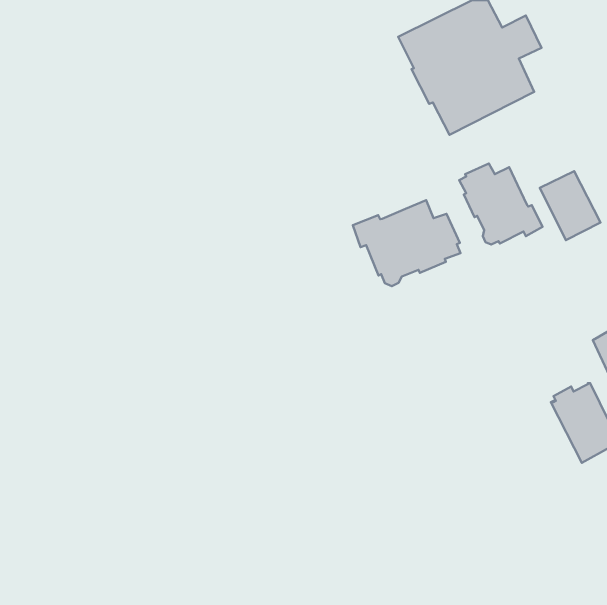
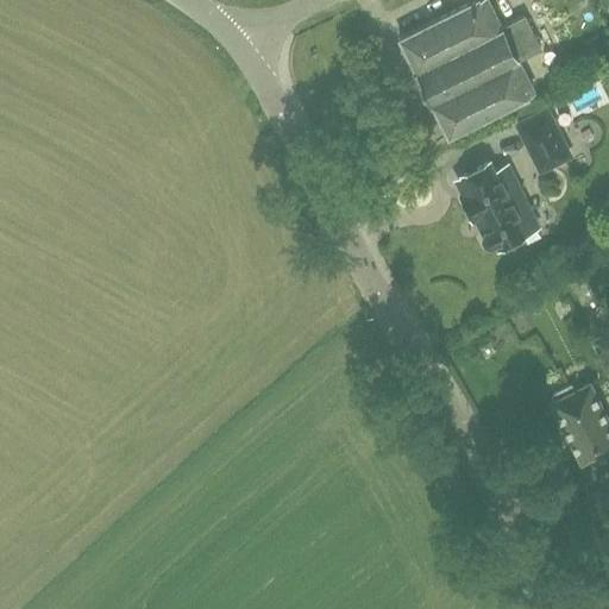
building: [540,171,600,240] -> [515,109,576,178]
building: [353,200,461,286] -> none

